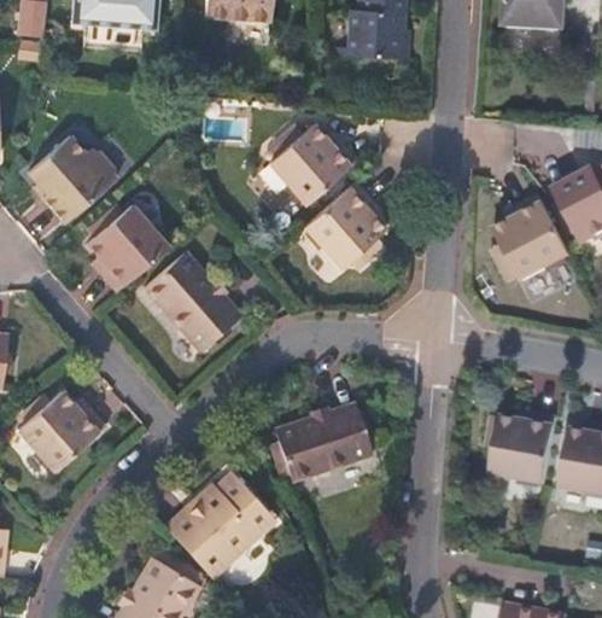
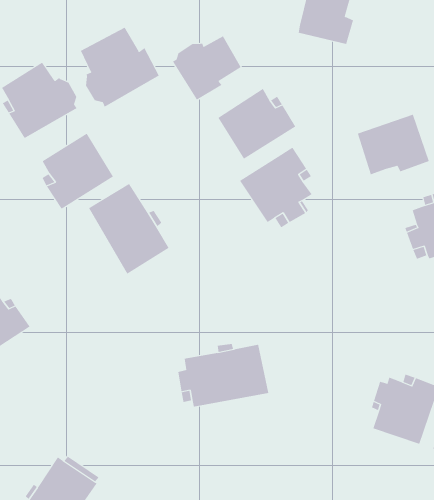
building: none -> [172,35,241,100]
building: none -> [80,27,159,107]
building: none -> [357,114,429,175]
building: [162,472,271,577] -> none

